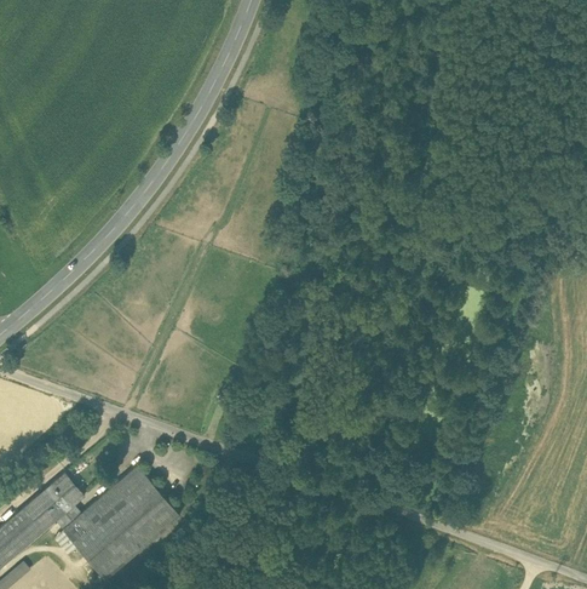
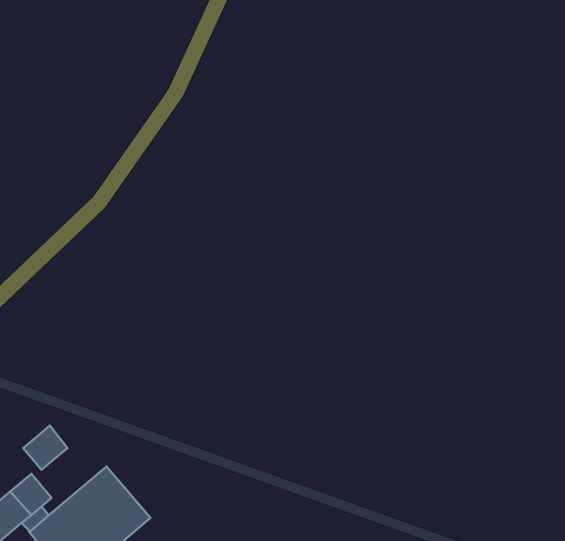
building: none -> [23,425,68,470]

